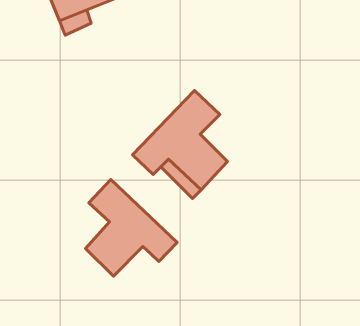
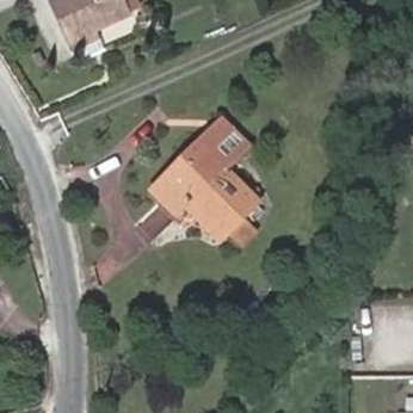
building: [86,180,177,276] -> none

